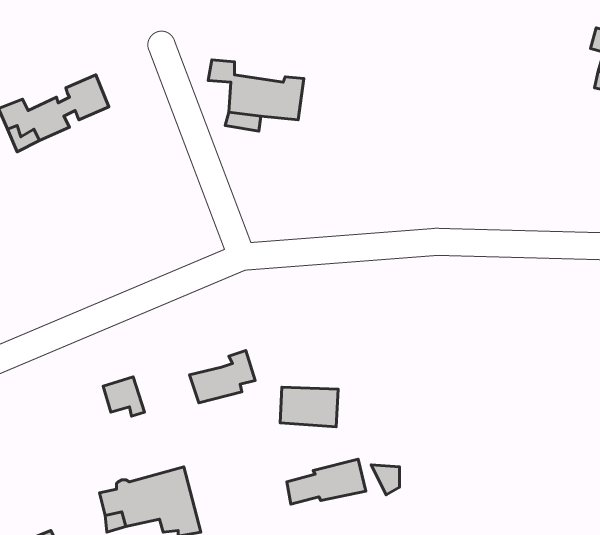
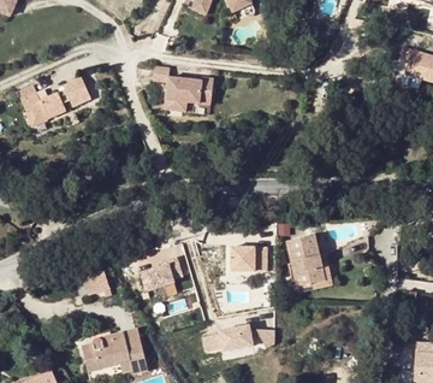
building: none -> [289,235,328,285]
building: [280,387,338,427] -> [229,247,266,272]

